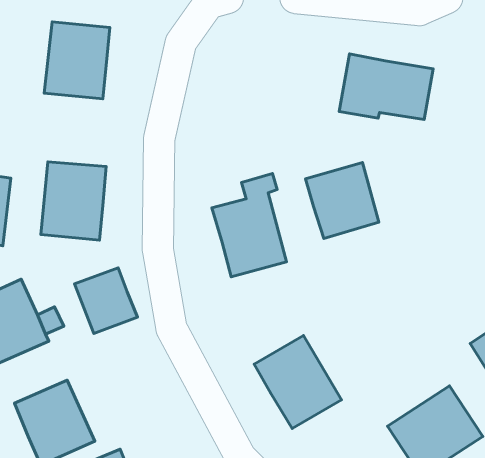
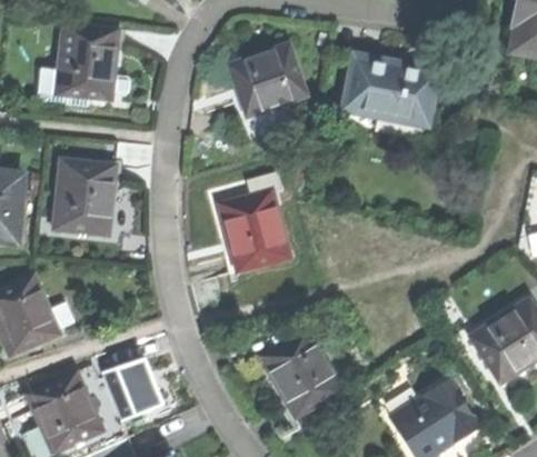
building: none -> [228,42,308,118]
building: [306,163,379,238] -> none
building: [74,268,138,333] -> [107,360,168,424]

